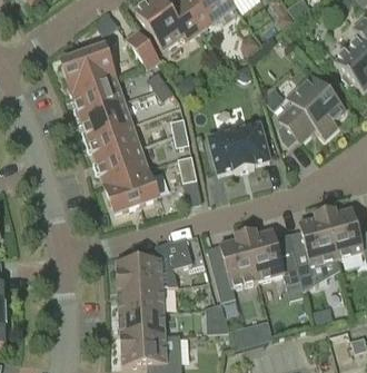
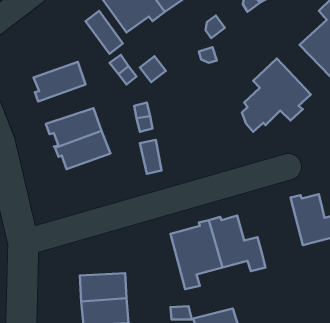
building: [62,50,116,94] -> none
building: [77,100,131,139] -> none
building: [208,124,270,174] -> none
building: [105,168,157,212] -> none
building: [292,212,340,291] -> none
building: [117,238,192,288] -> none

